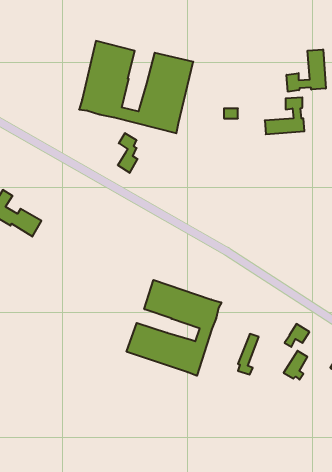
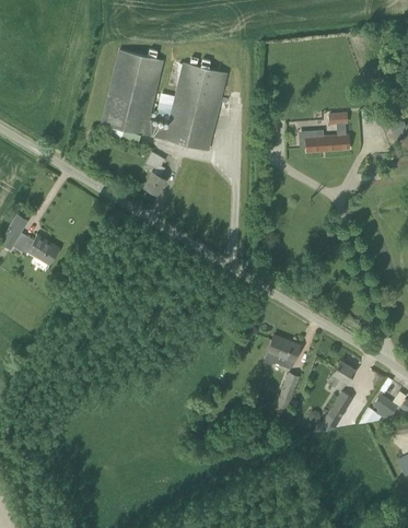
building: [287,49,326,92] -> none
building: [127,280,221,376] -> none
building: none -> [263,335,300,367]

